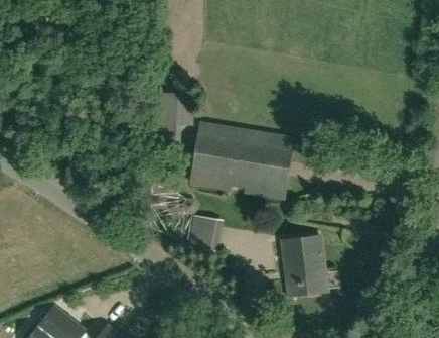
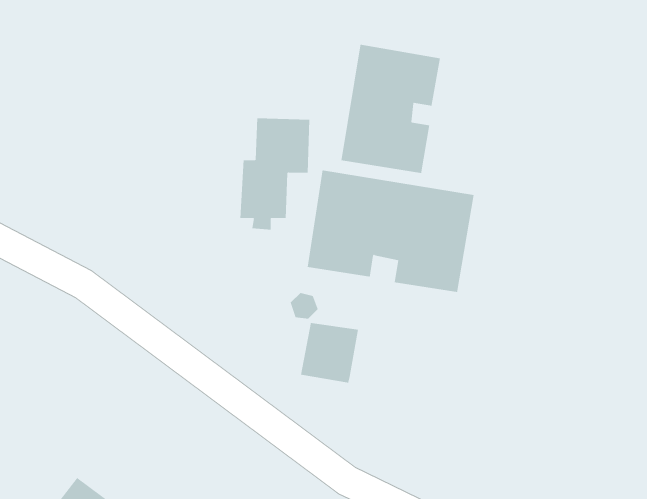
building: none -> [341,44,440,174]
building: [280,237,325,296] -> none

